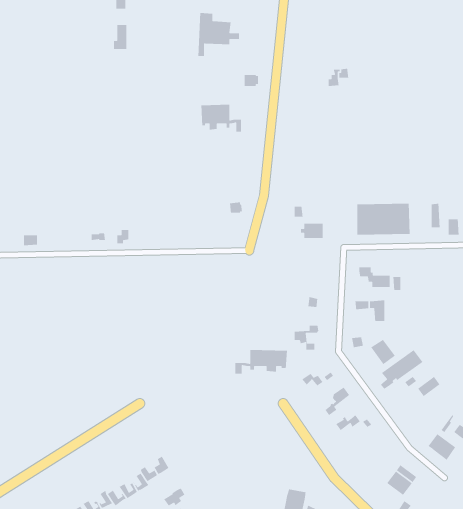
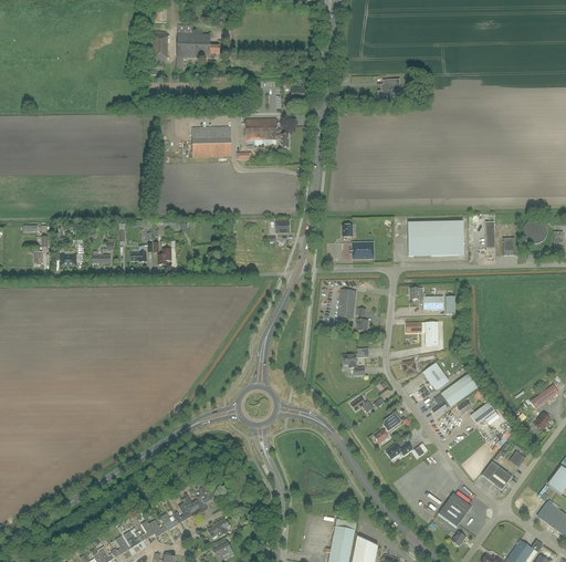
building: [197,12,240,57] -> [176,23,220,70]
building: none -> [191,125,231,156]
building: none -> [337,288,356,316]
building: [234,349,288,374] -> none

